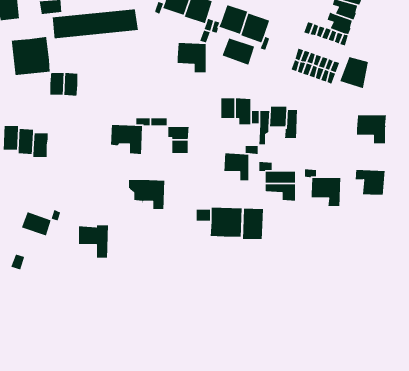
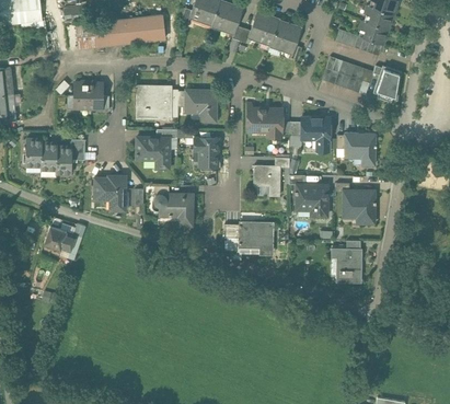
building: [11,36,51,76] -> none
building: [222,37,255,66] -> none
building: [177,42,207,73] -> [185,90,216,122]
building: none -> [137,85,171,117]
building: [356,114,387,144] -> [344,134,376,164]
building: [355,169,385,196] -> none
building: [242,208,264,240] -> none
building: [78,225,109,259] -> [94,174,126,209]
building: none -> [331,246,362,280]

